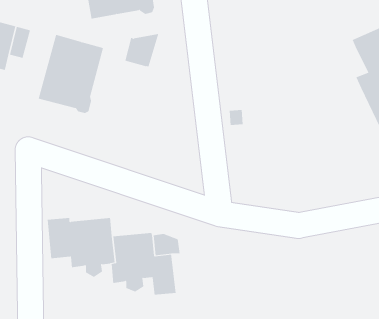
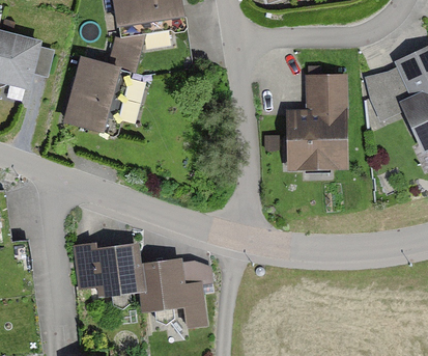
building: [125,33,159,67] -> [109,31,145,66]
building: none -> [363,65,409,120]
building: none -> [285,70,349,167]

